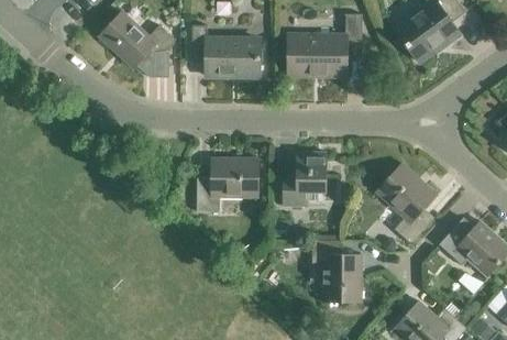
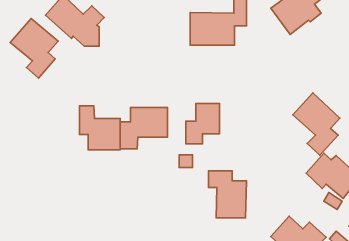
building: [191,25,258,77] -> none
building: none -> [10,19,58,78]
building: none -> [79,106,120,150]
building: [375,163,437,244] -> [293,93,340,155]

